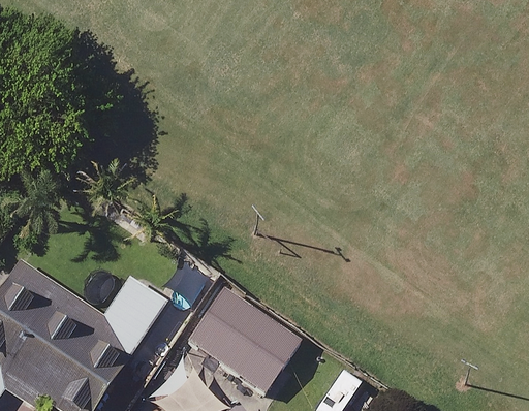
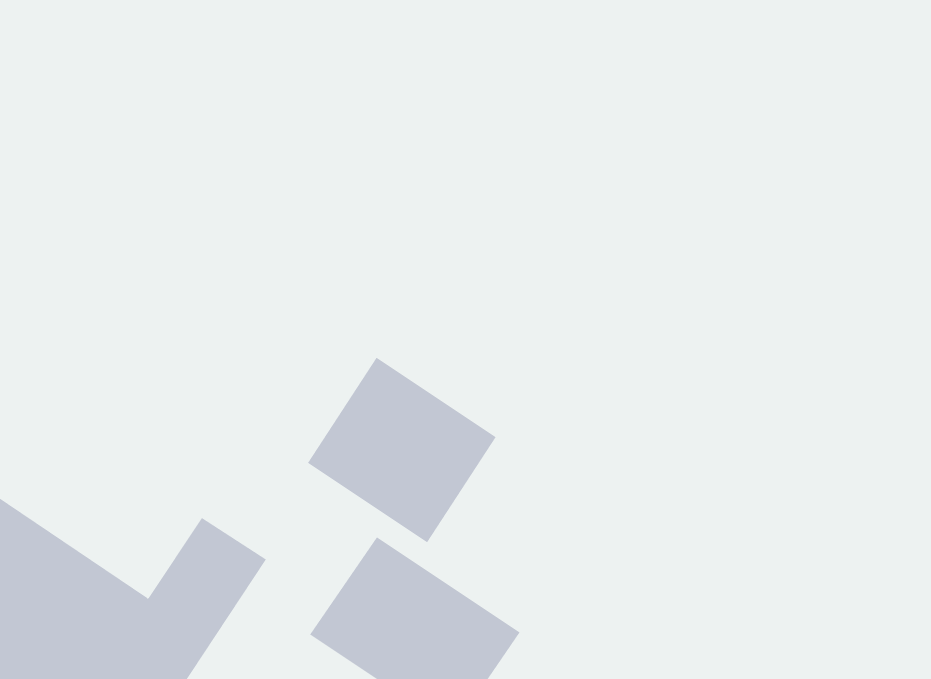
building: none -> [307,357,497,543]

